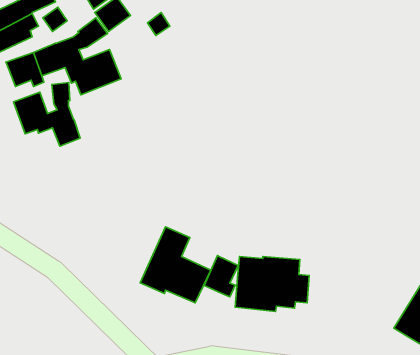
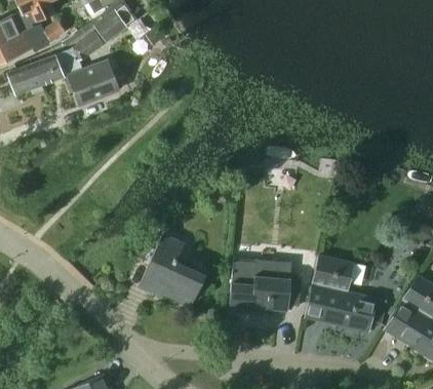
building: [13,83,80,146] -> none
building: none -> [304,255,386,334]
building: [204,255,238,297] -> none

